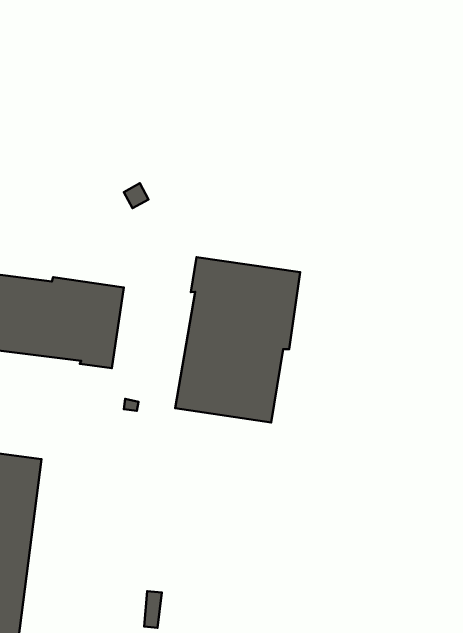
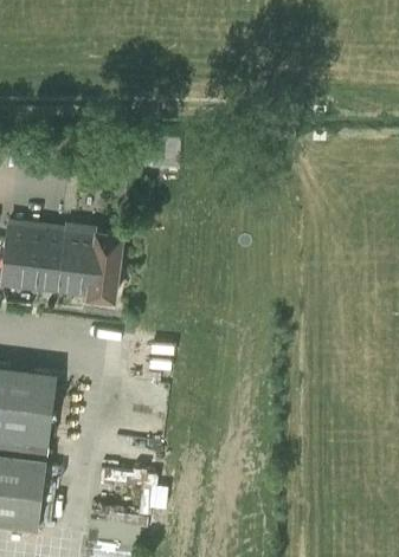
building: [175,257,300,423] -> none

